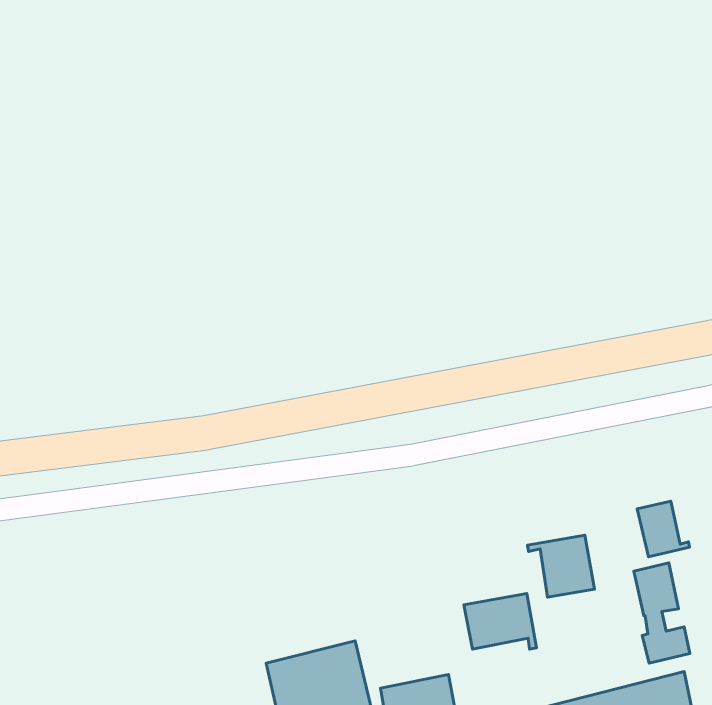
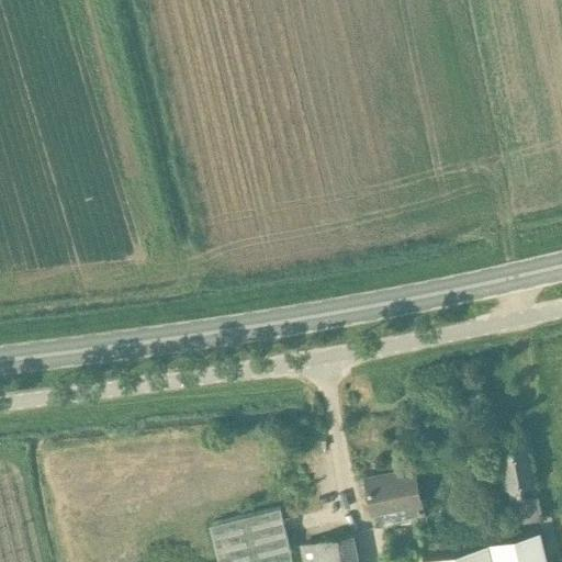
building: [637,501,690,557] -> none
building: [528,535,595,597] -> none

